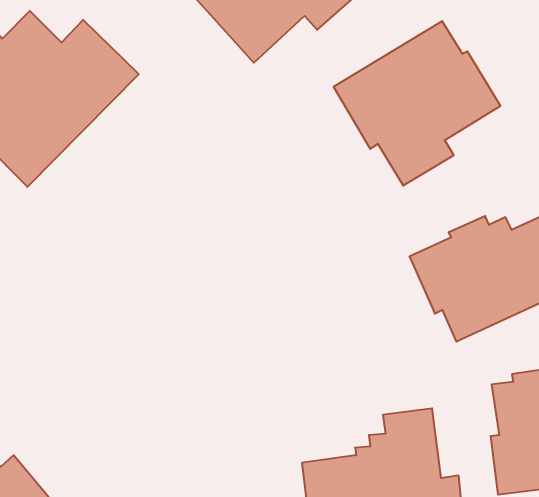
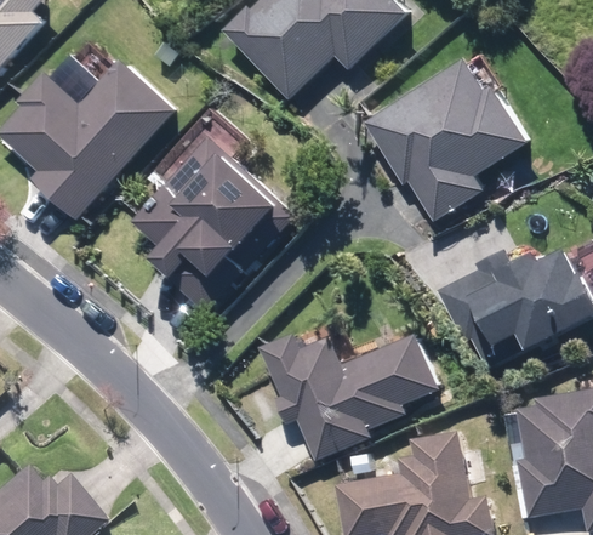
building: none -> [133,137,297,309]
building: none -> [264,334,435,459]

